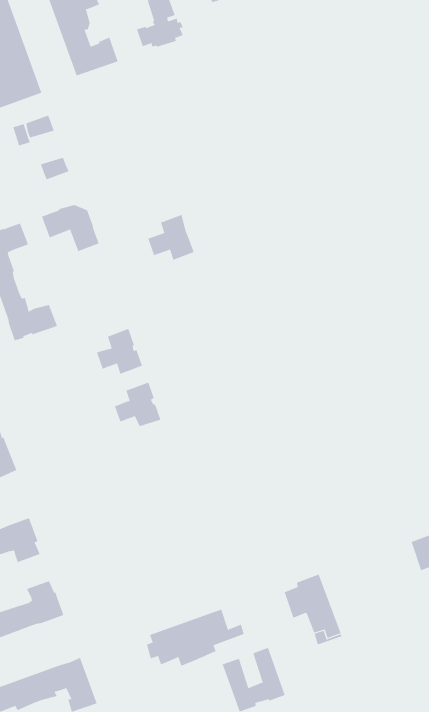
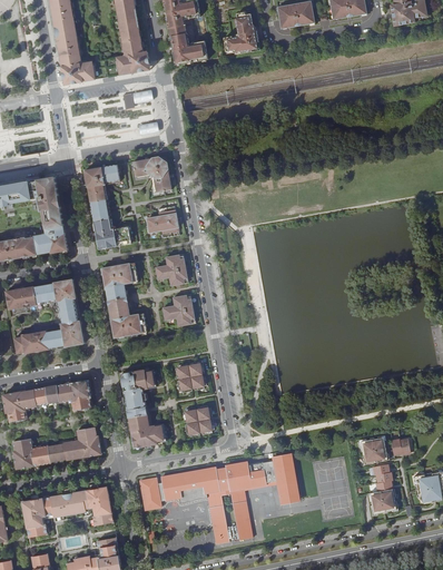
building: [148,214,195,260] -> [146,206,178,238]
building: none -> [100,263,146,338]
building: none -> [174,362,205,393]
building: none -> [119,370,165,449]
building: none -> [181,406,213,438]
building: none -> [225,462,265,491]
building: none -> [138,479,159,510]

